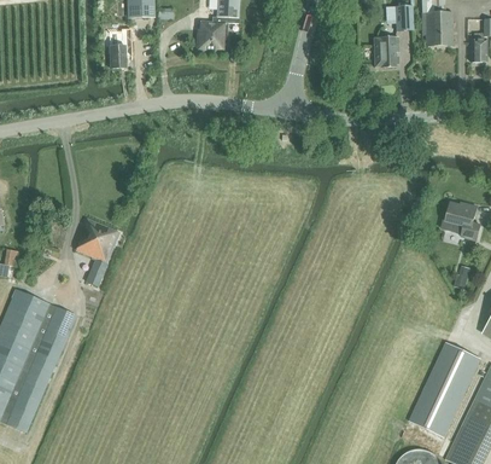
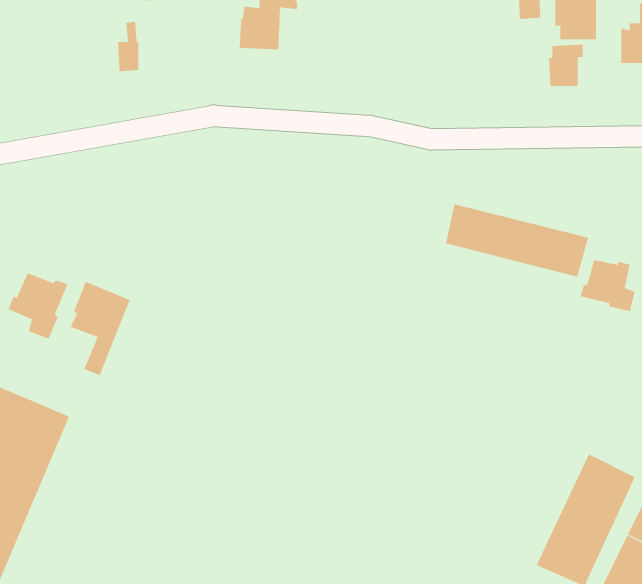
building: [373,37,398,68] -> [548,44,584,86]
building: none -> [446,204,589,277]
building: none -> [8,273,68,340]

